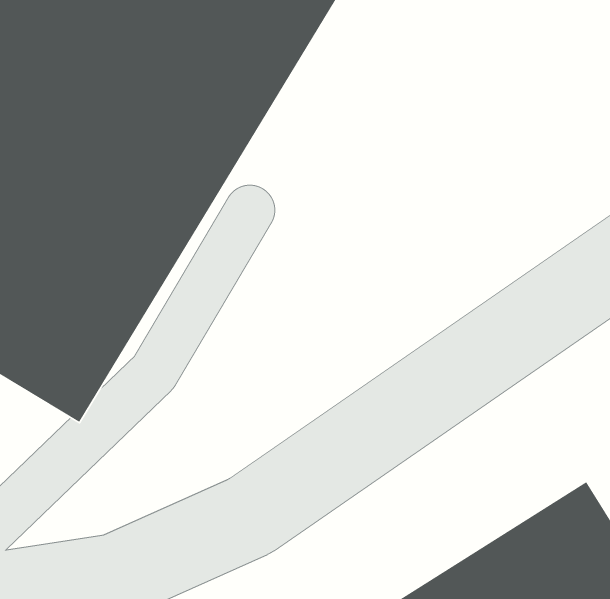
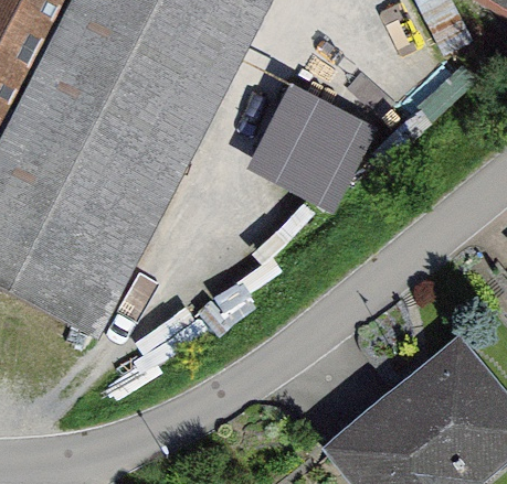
building: none -> [236,77,363,206]

